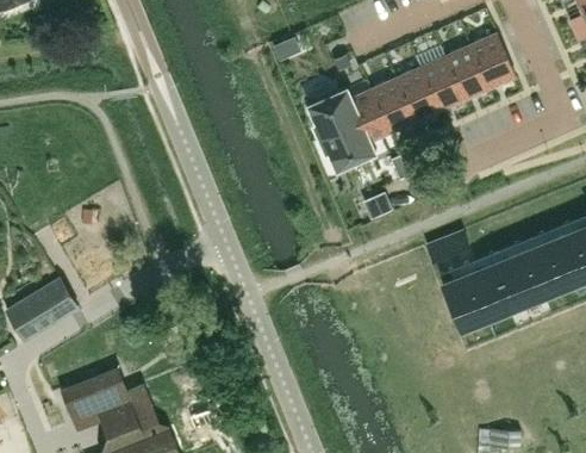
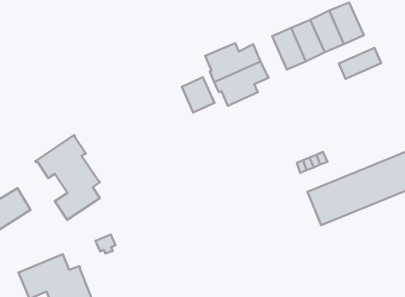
building: [370,77,414,132] -> none
building: none -> [339,48,381,79]
building: none -> [182,77,214,113]
building: none -> [36,135,100,220]

